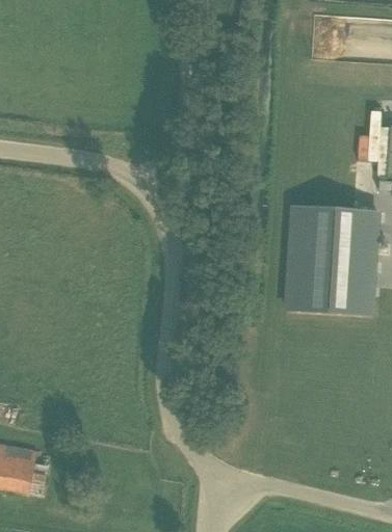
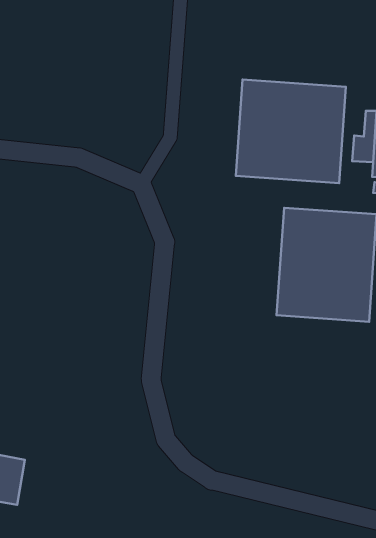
building: none -> [236,80,346,183]

